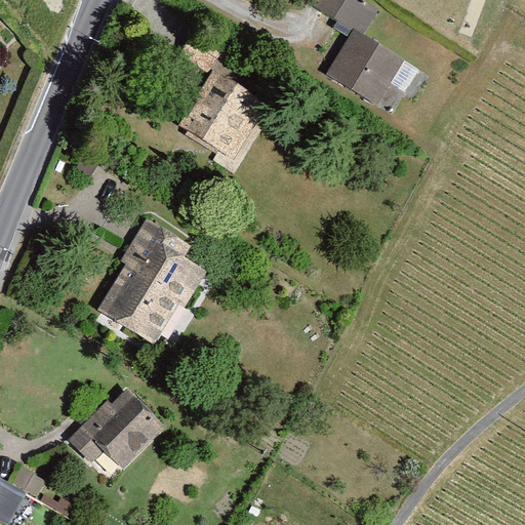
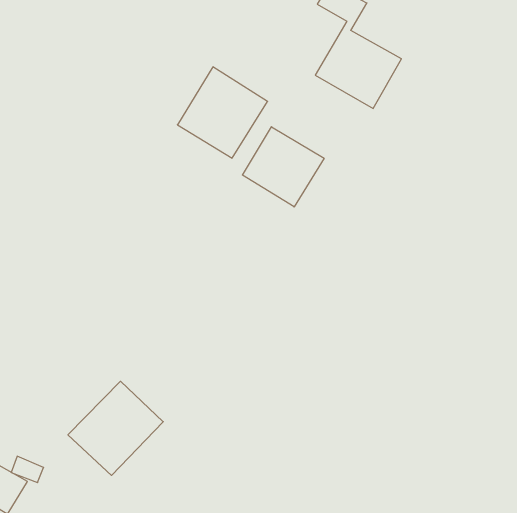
building: none -> [242,127,324,207]
building: [91,217,204,350] -> none

